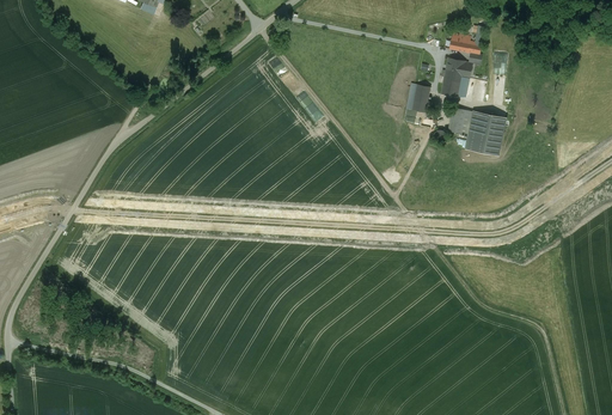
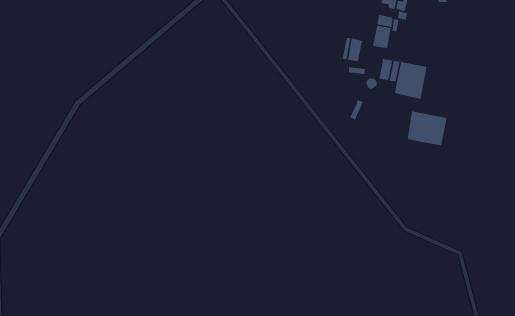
building: none -> [407,110,448,146]

